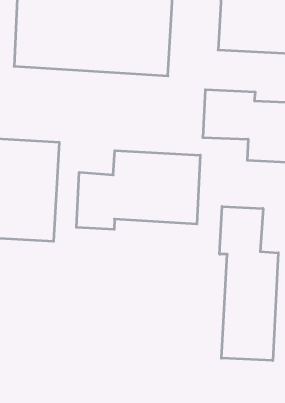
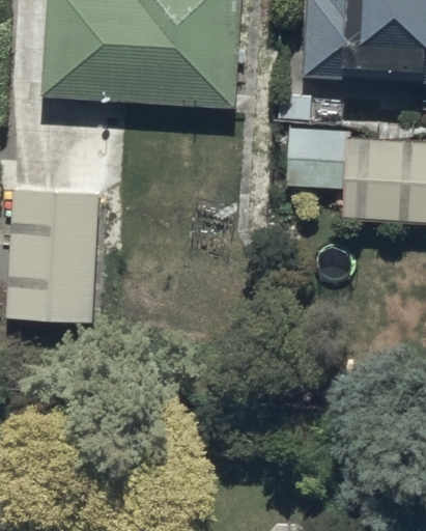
building: [76,151,200,229] -> none
building: [220,206,278,361] -> none

